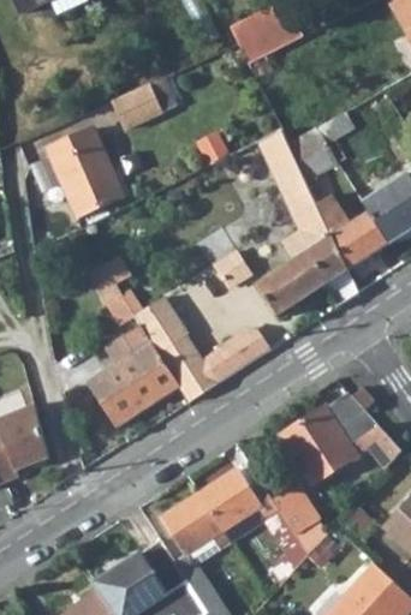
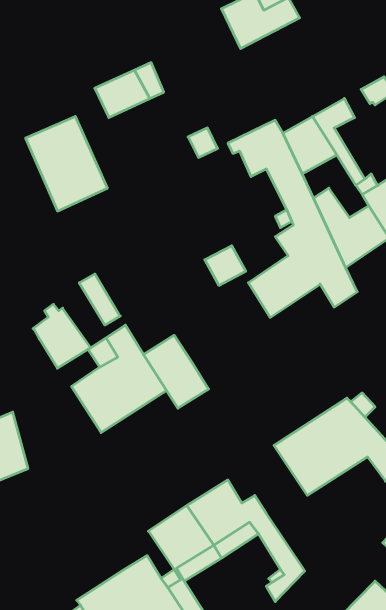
building: [133,291,187,351] -> [33,304,91,368]
building: [202,327,268,383] -> none
building: [272,485,326,554] -> none

